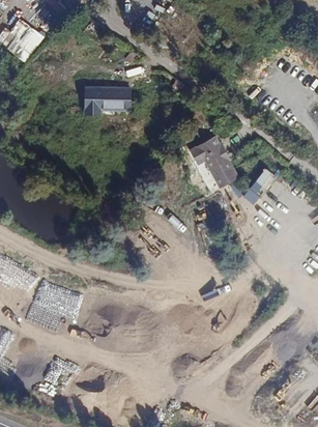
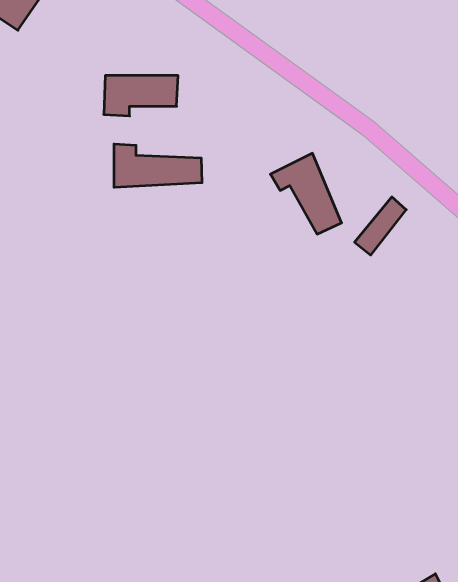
building: none -> [114,144,202,187]

